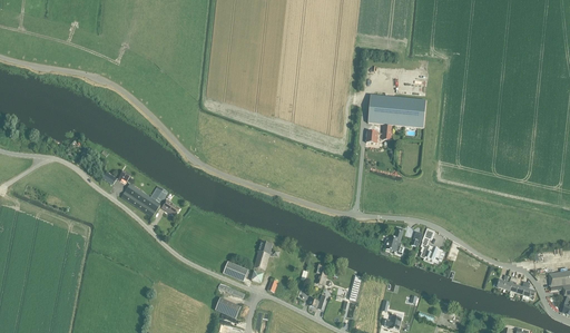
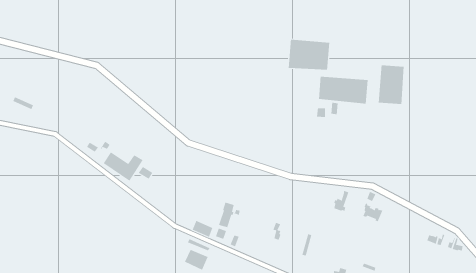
building: none -> [288,39,330,71]
building: none -> [378,65,404,105]

